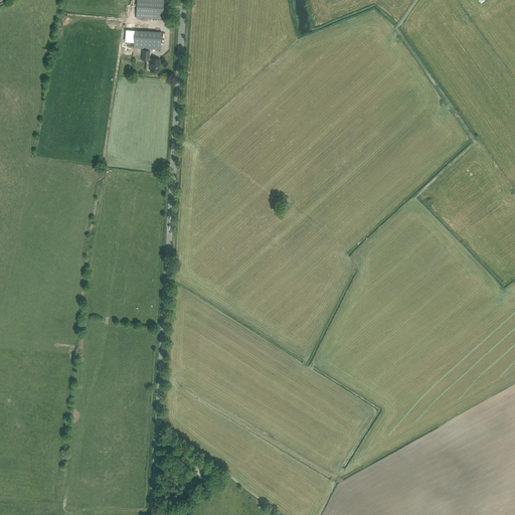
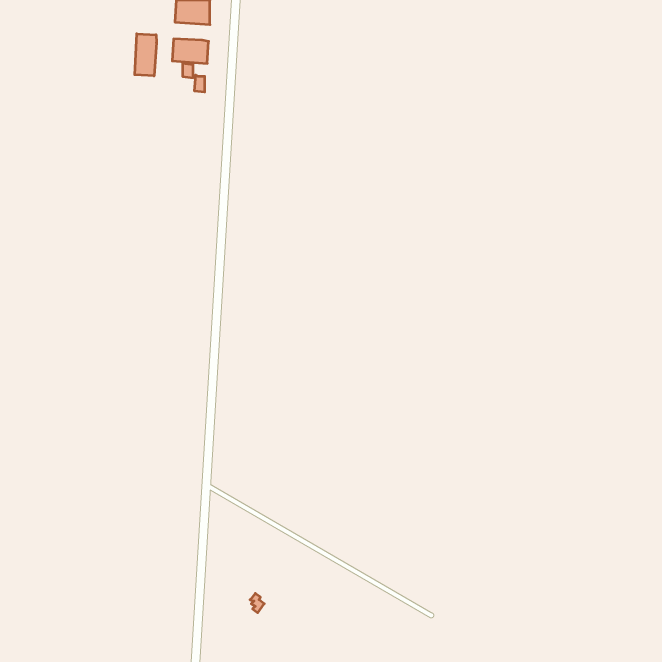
building: none -> [135,34,156,76]

